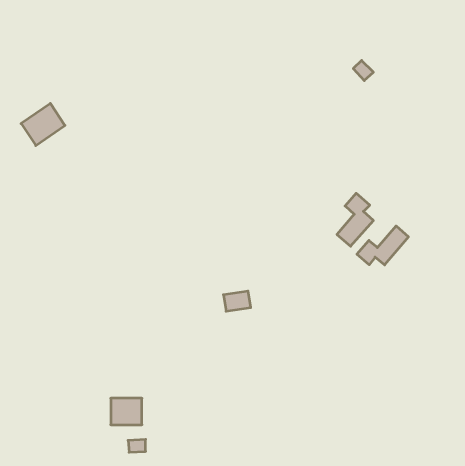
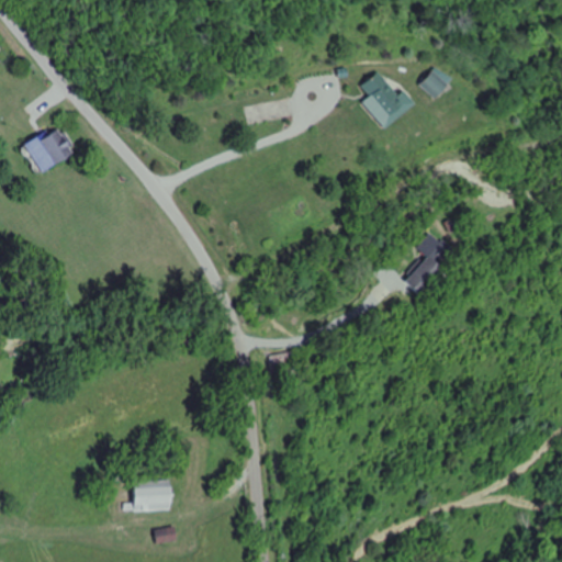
building: none -> [361,71,409,127]
building: [357,226,408,265] -> none

